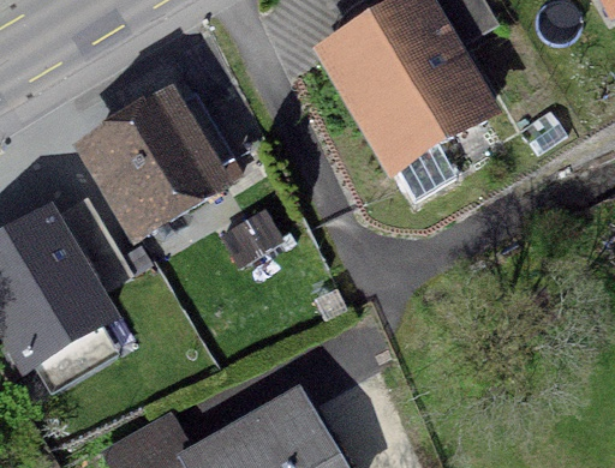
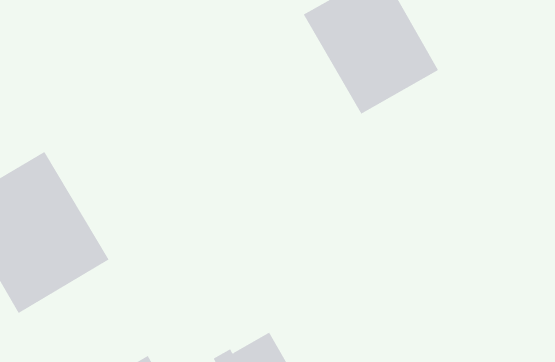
building: [85,95,231,236] -> none

